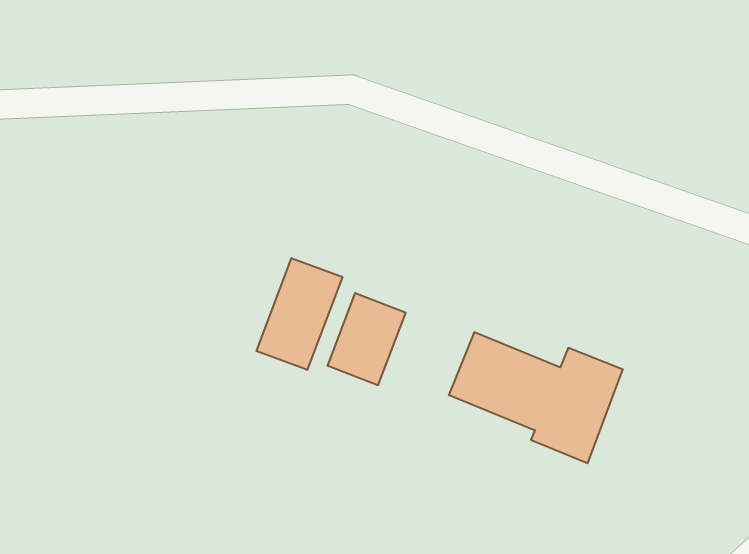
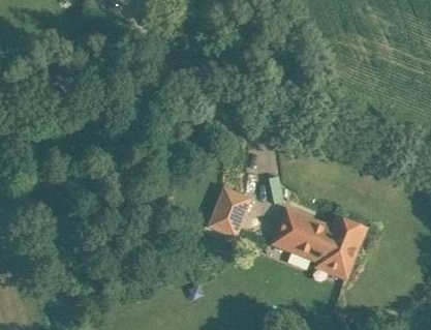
building: [256,258,342,370] -> none

